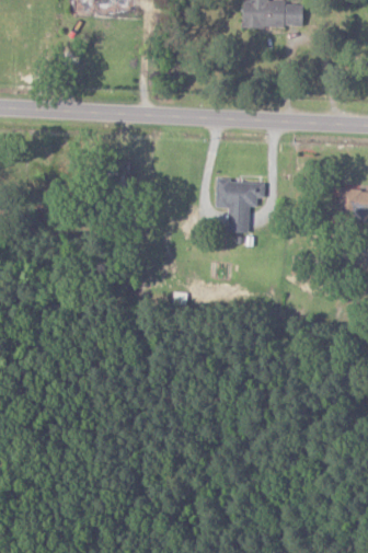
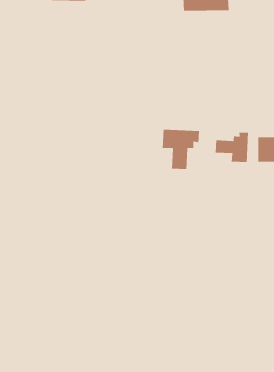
building: none -> [215,132,249,163]

